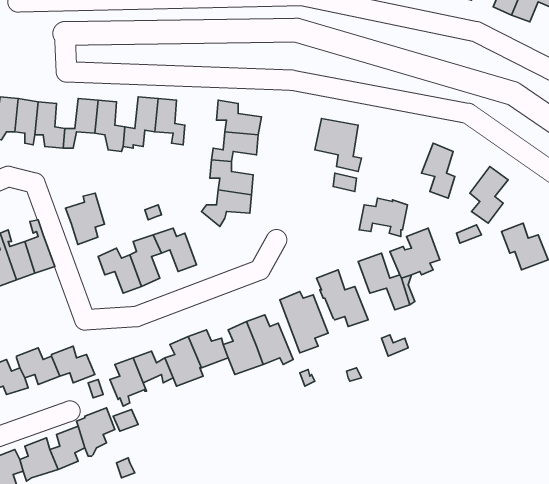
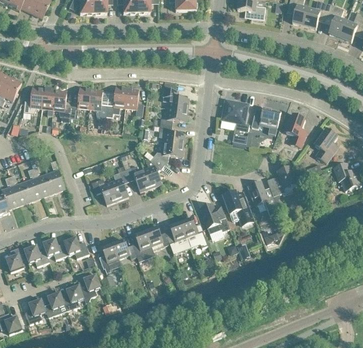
building: [66,193,104,244] -> none
building: [359,198,408,236] -> [252,107,281,130]
building: none -> [144,155,165,187]

